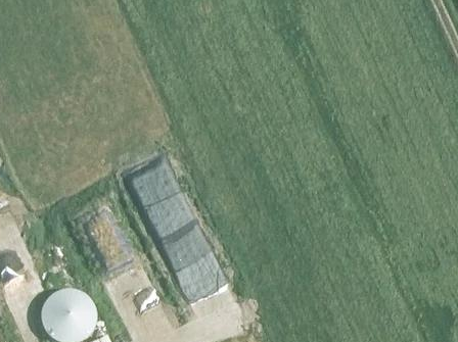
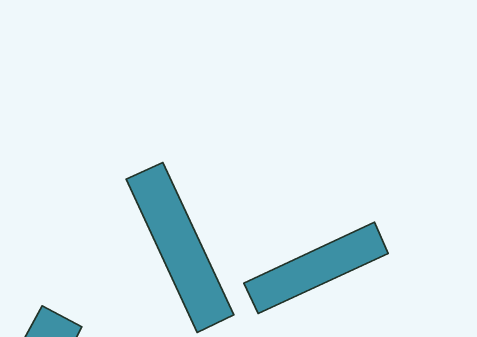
building: none -> [244,222,388,313]

